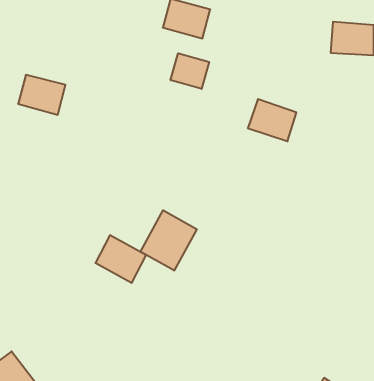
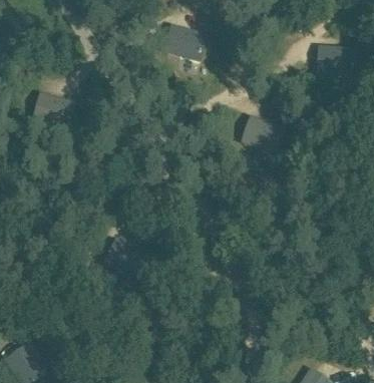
building: [171,53,209,89] -> none
building: [140,210,197,271] -> none

